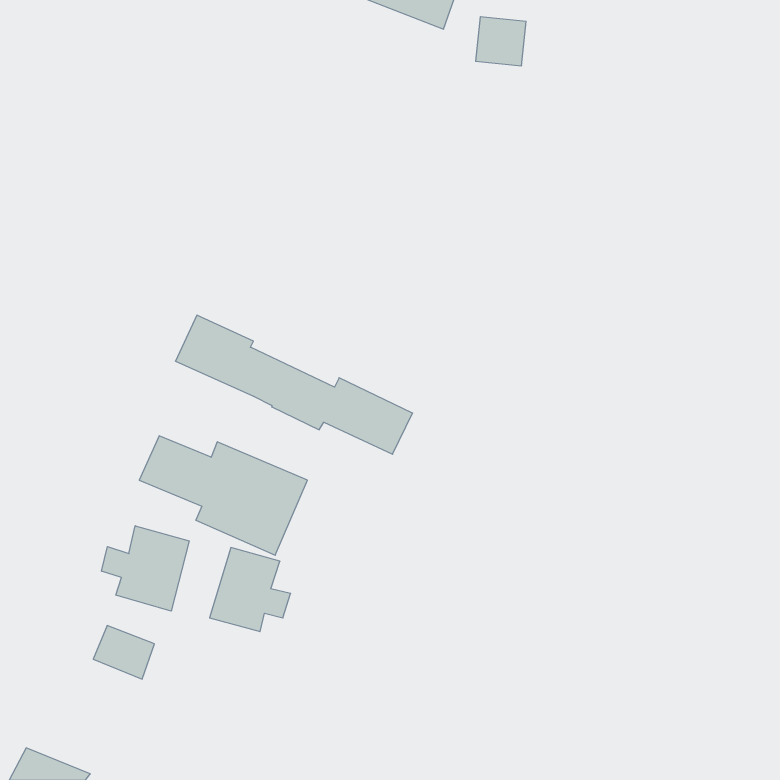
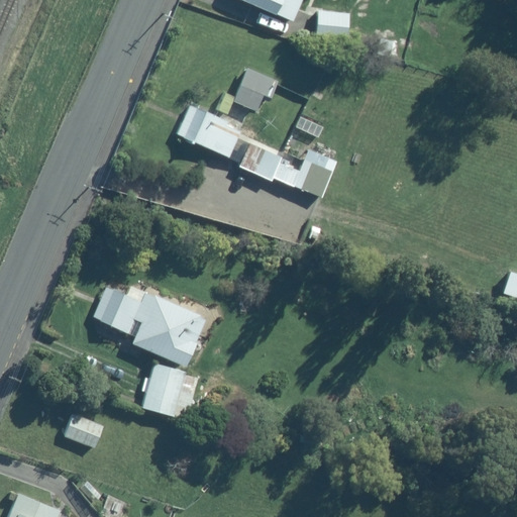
building: none -> [232,68,278,111]
building: [175,315,413,454] -> [176,105,332,197]
building: [102,526,189,611] -> none

